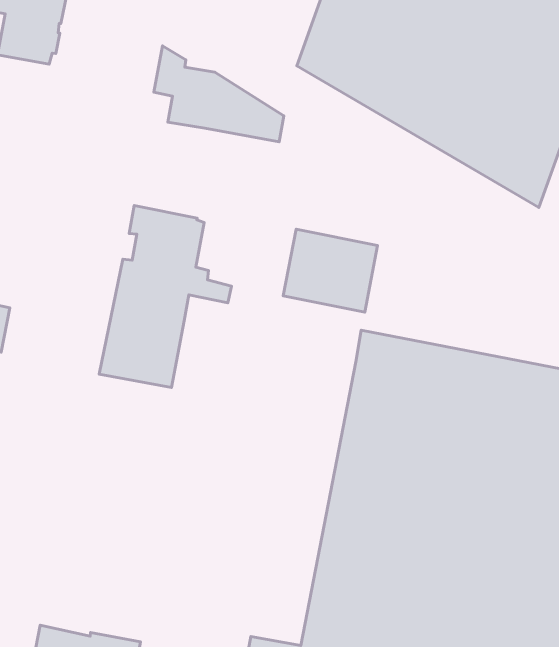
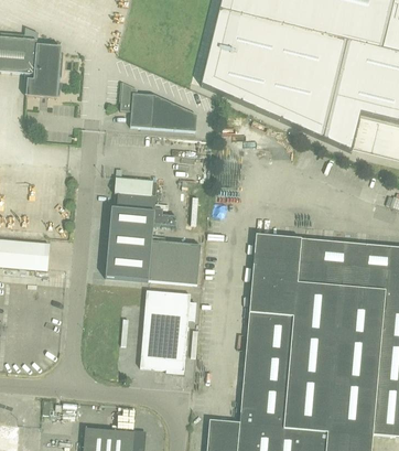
building: [283,229,378,312] -> [148,240,199,284]
building: none -> [140,290,196,374]

